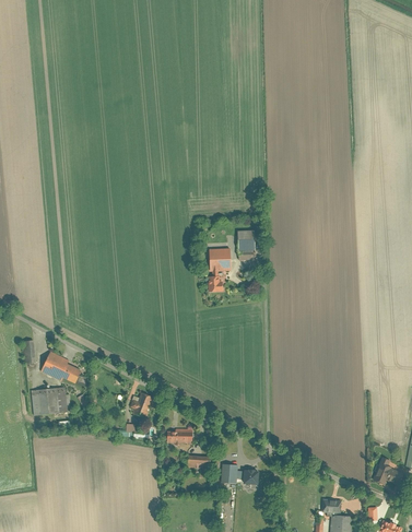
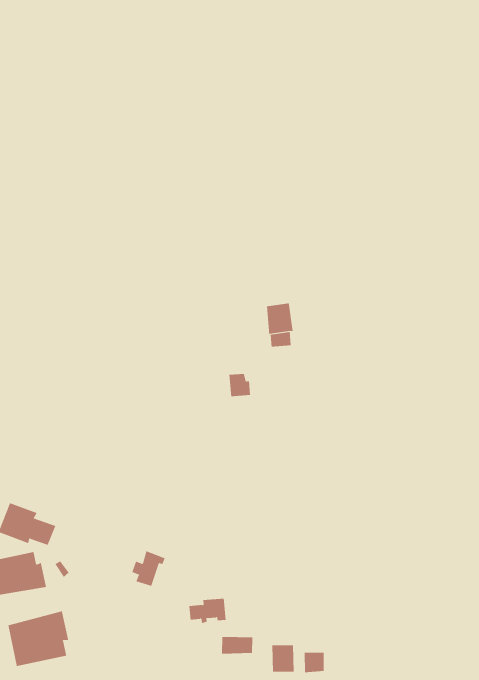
building: [211,249,233,276] -> none
building: none -> [8,611,69,667]

